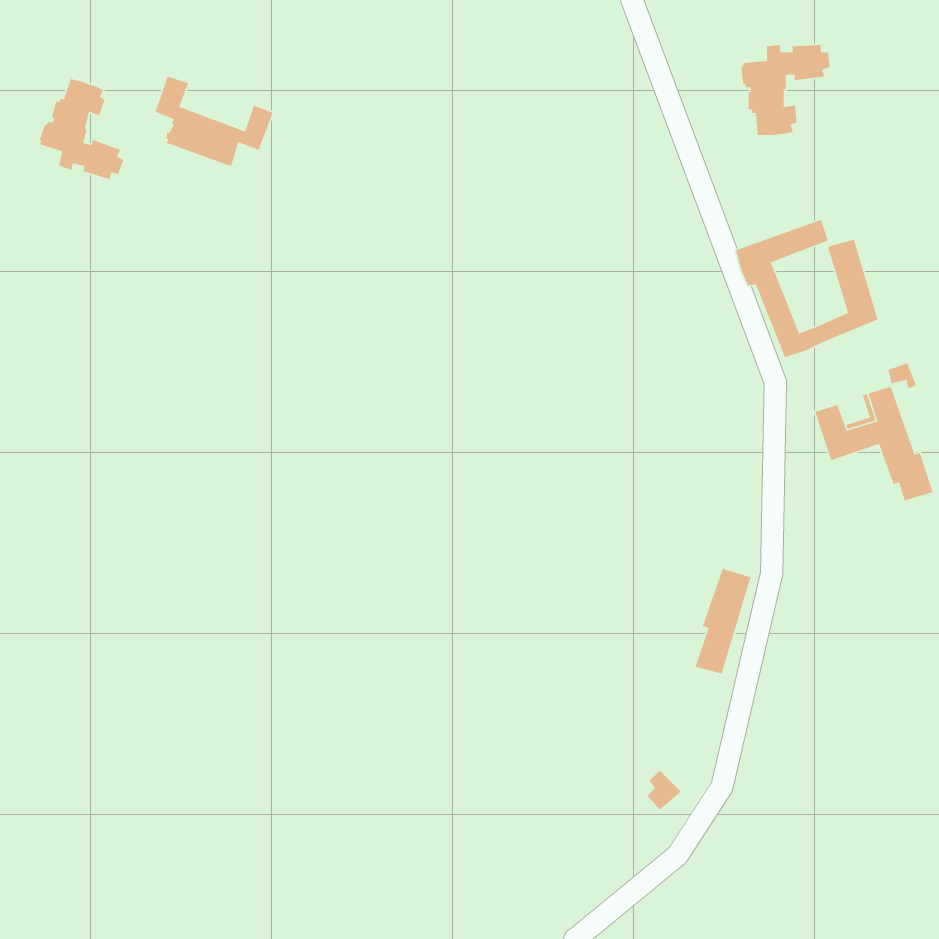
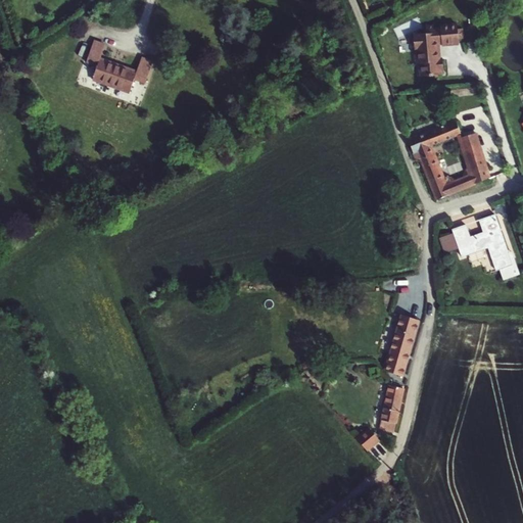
building: [38,78,124,180] -> none
building: none -> [379,385,405,432]

